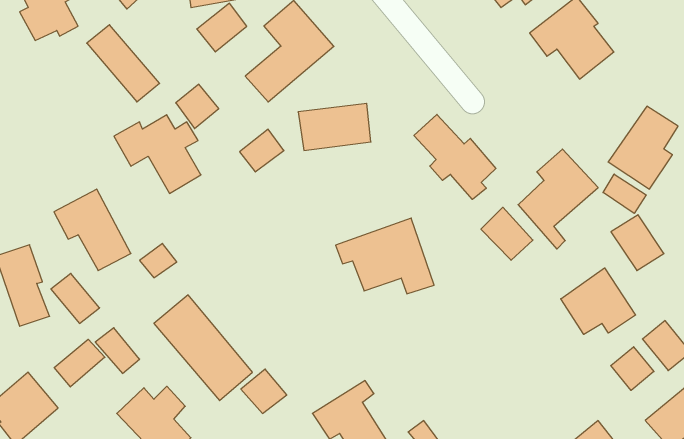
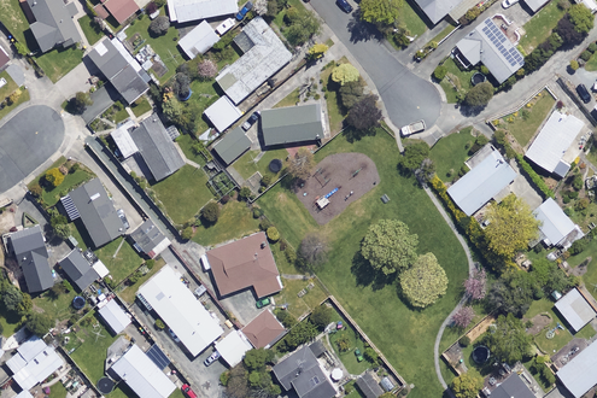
building: [176,84,219,129] -> [205,94,241,131]
building: [414,114,496,199] -> none
building: [603,174,646,213] -> none
building: [481,207,533,260] -> none
building: [336,218,434,294] -> [199,232,282,295]
building: [561,268,636,334] -> none
building: [54,339,105,387] -> none
building: none -> [244,309,285,349]
building: [611,347,654,390] -> none

